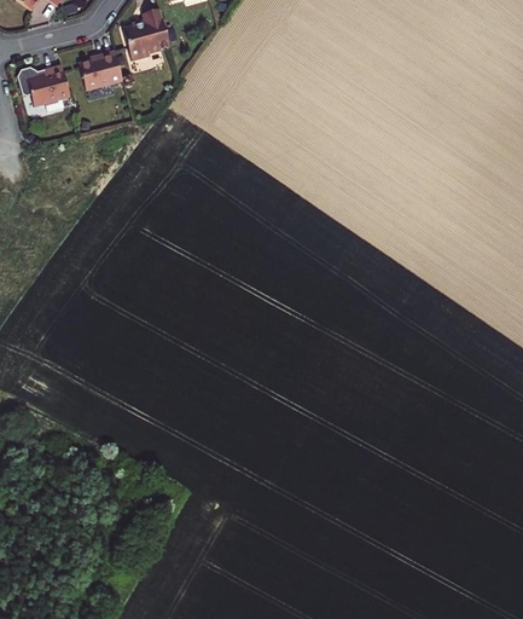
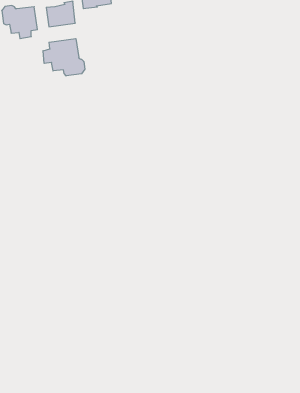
building: none -> [43,39,85,76]

